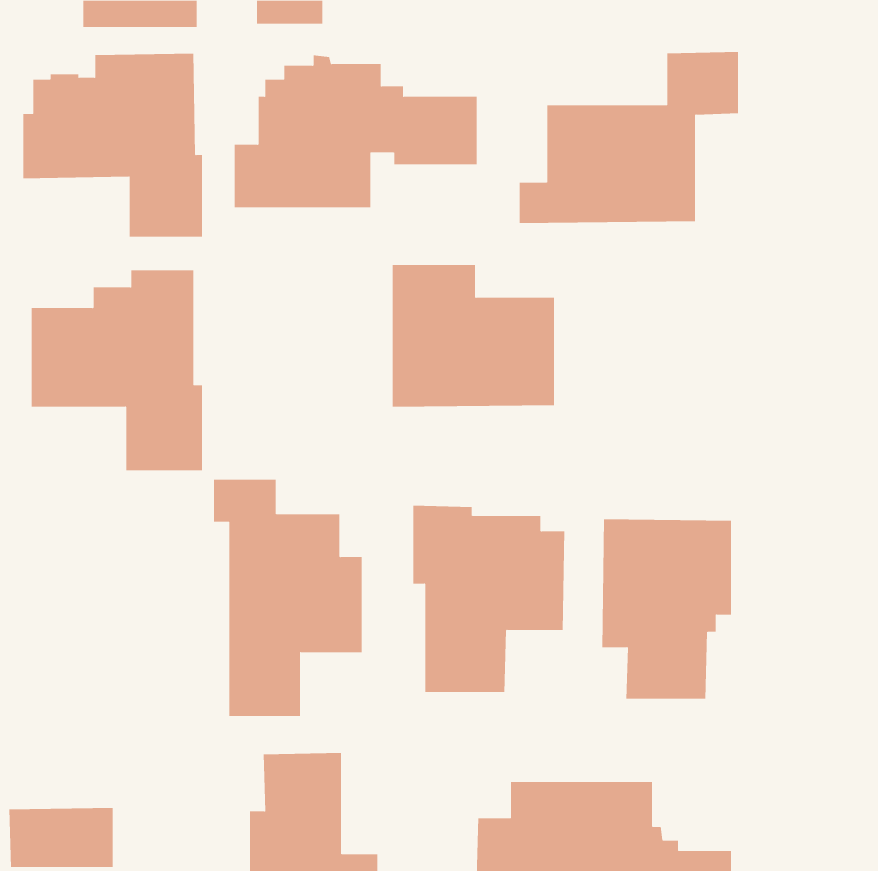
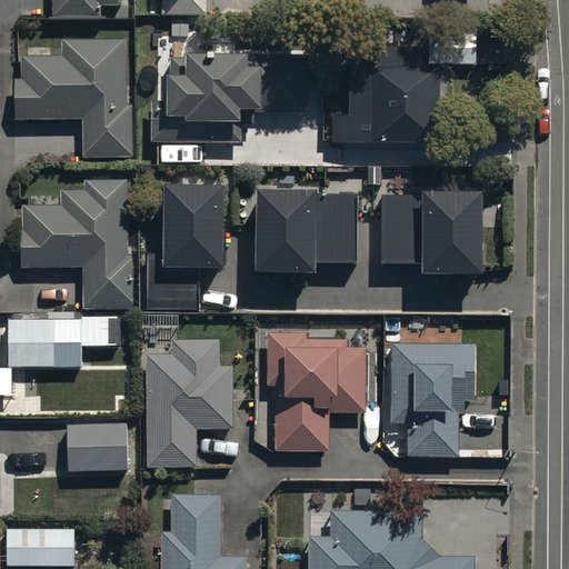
building: none -> [158,179,220,264]
building: none -> [380,181,477,267]
building: none -> [9,322,120,371]
building: none -> [67,421,127,469]

